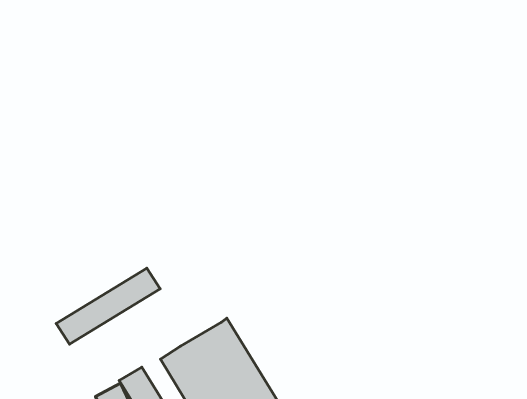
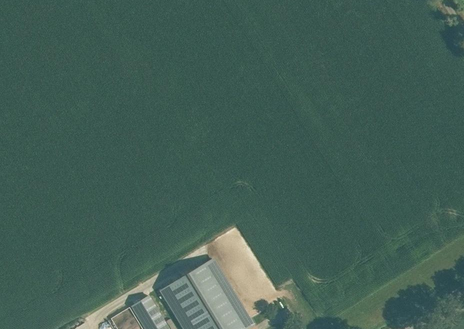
building: [56,268,160,344] -> none

